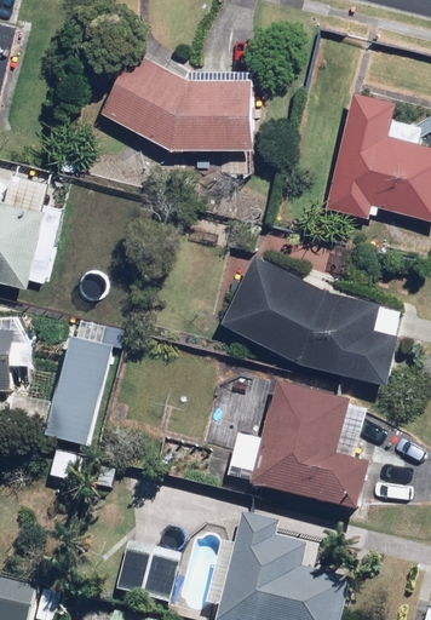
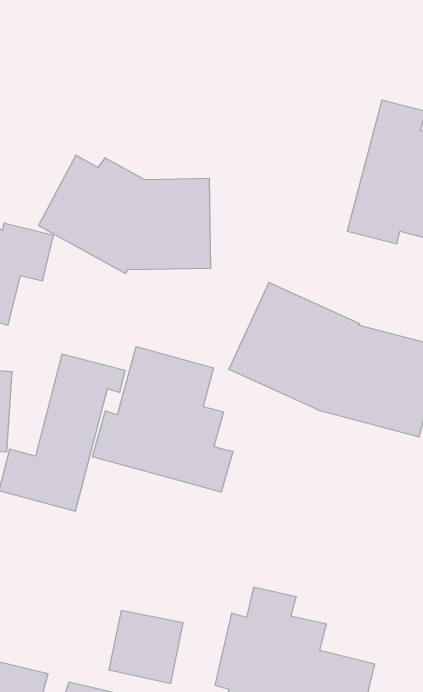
building: [100,50,252,154] -> [39,155,211,274]
building: none -> [92,347,233,492]
building: [224,379,370,517] -> none

